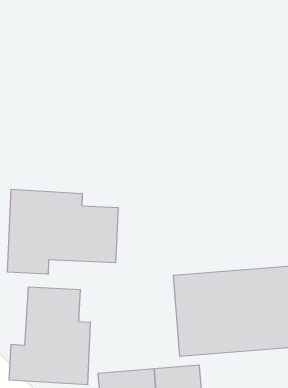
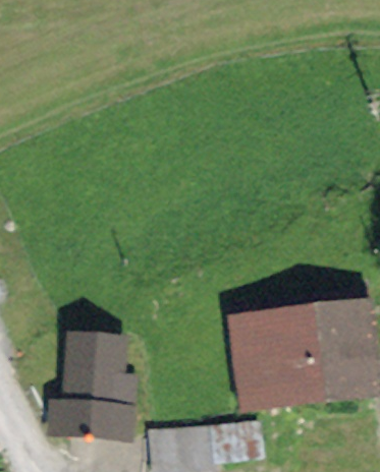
building: [8,189,118,274] -> none

